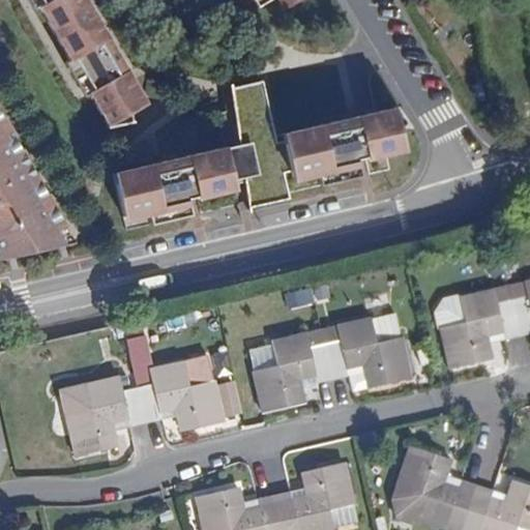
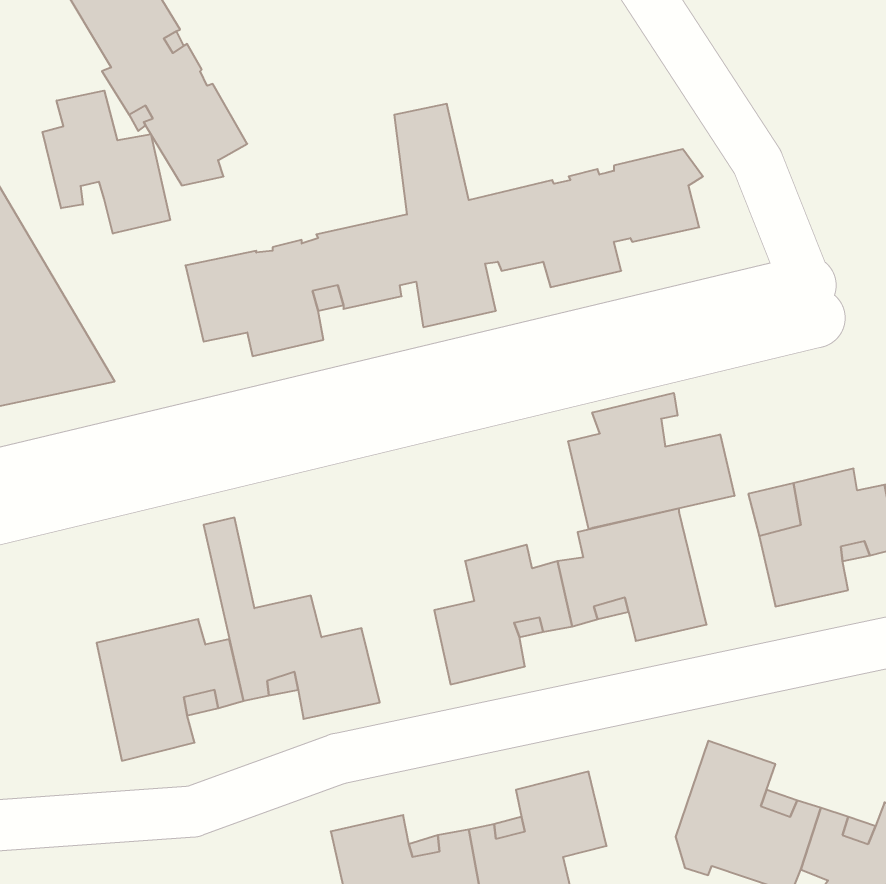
building: none -> [42,91,170,234]
building: none -> [568,393,734,529]

